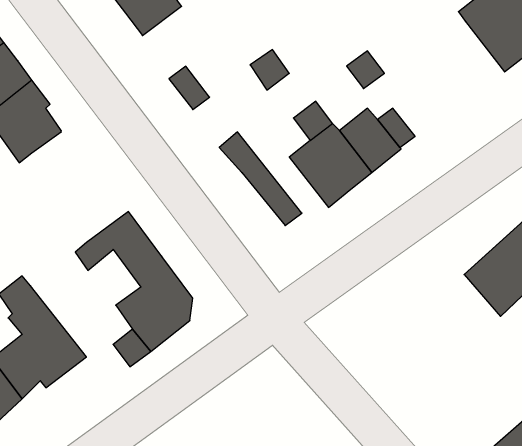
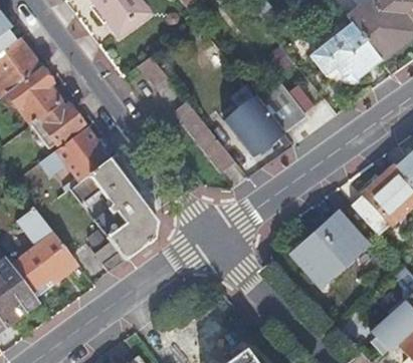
building: none -> [312,23,380,81]
building: none -> [40,102,82,143]
building: none -> [43,126,110,181]
building: none -> [294,211,367,280]

